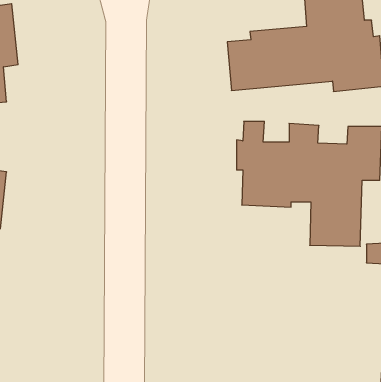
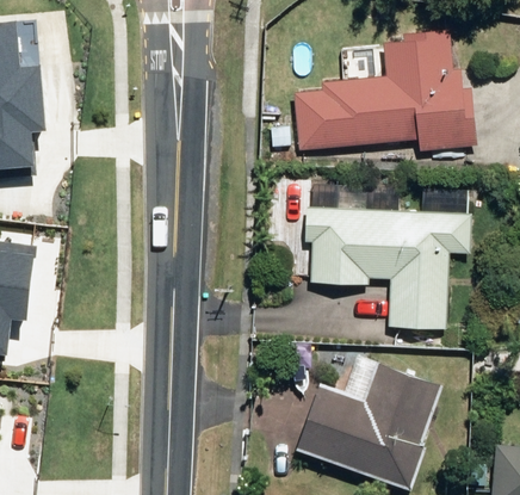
building: none -> [292,363,441,479]

